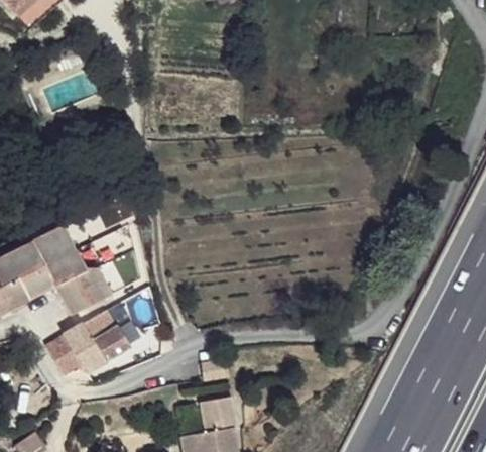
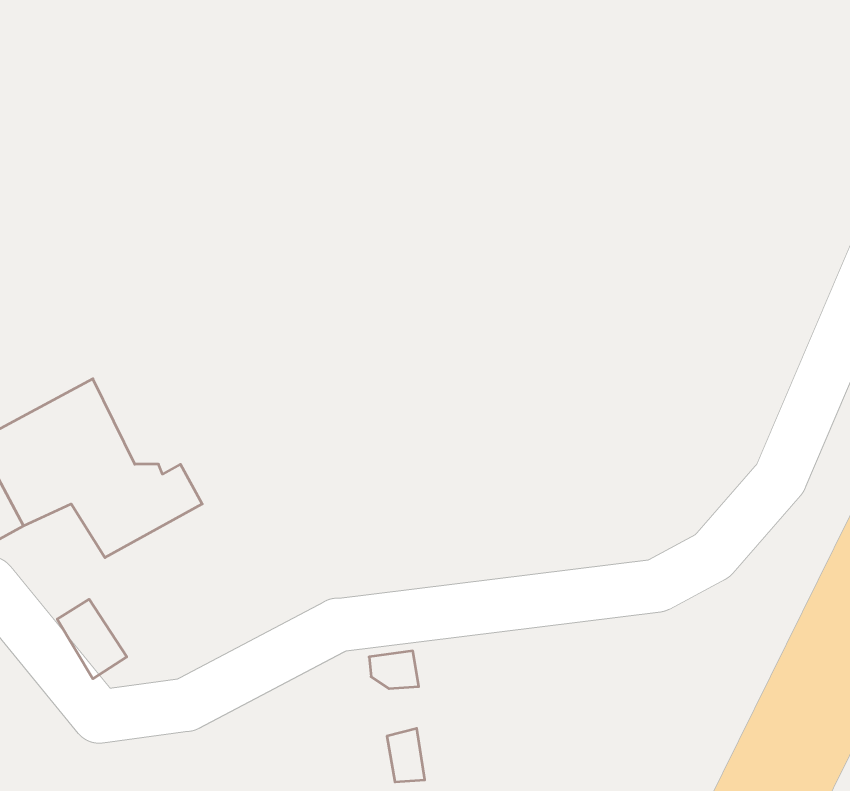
building: [62,319,122,371] -> none

